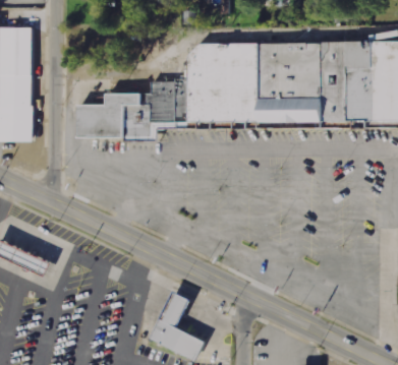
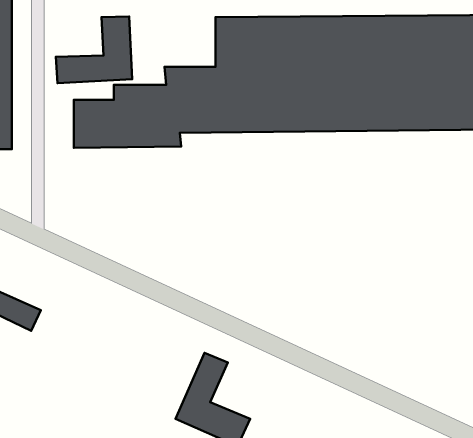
building: none -> [56,16,132,83]

